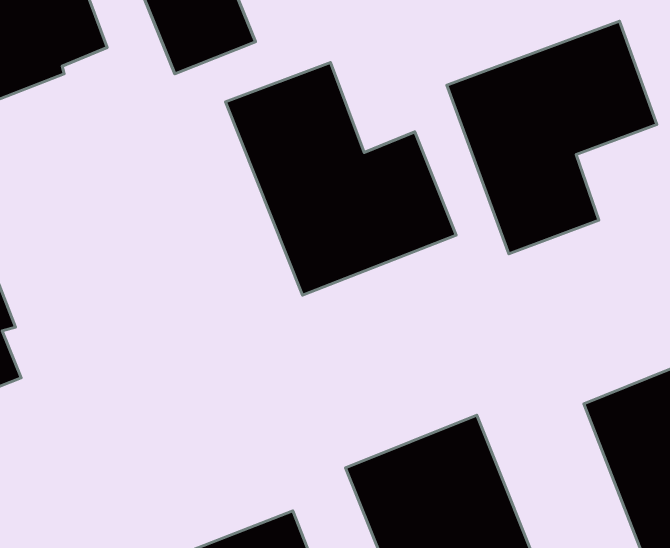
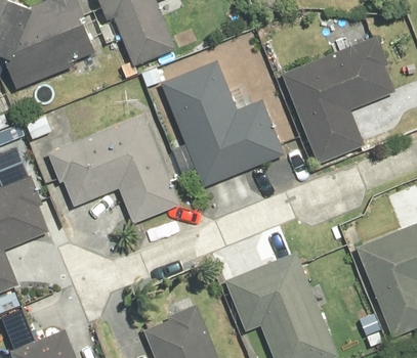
building: none -> [47,115,178,221]

